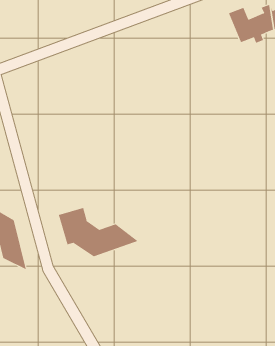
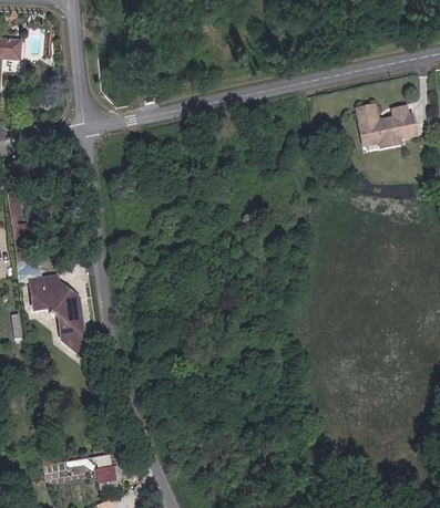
building: [58,207,139,257] -> none

